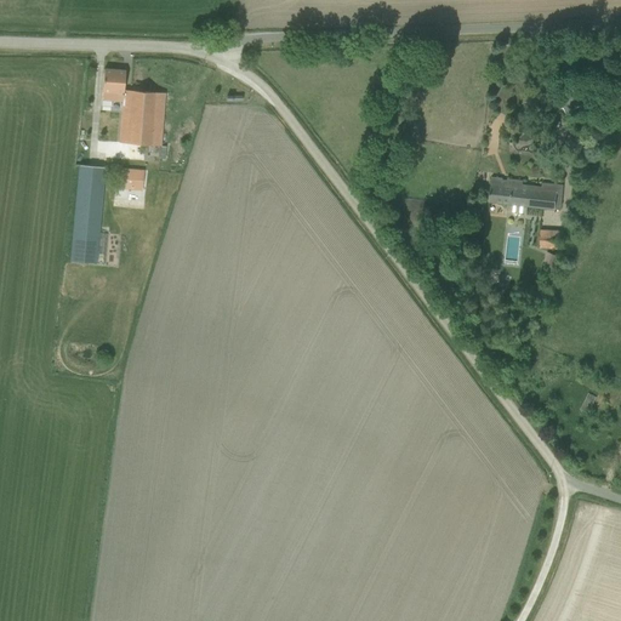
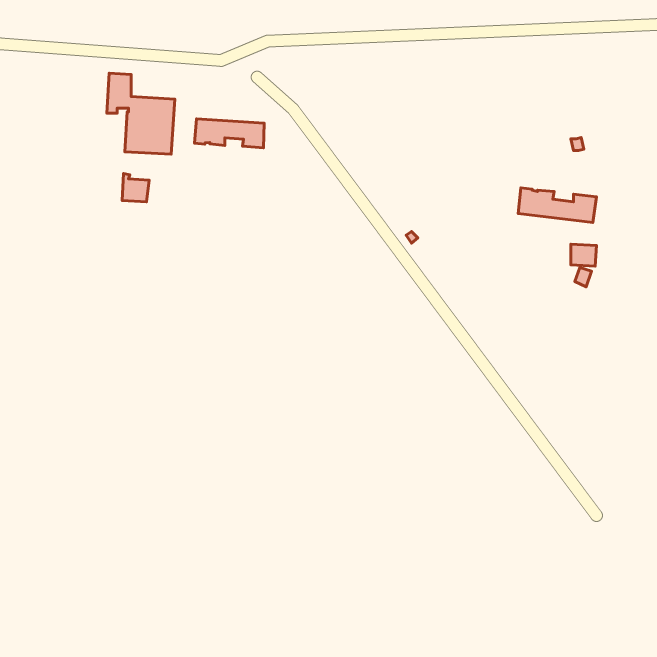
building: none -> [194,119,264,148]
building: [73,166,104,262] -> none

